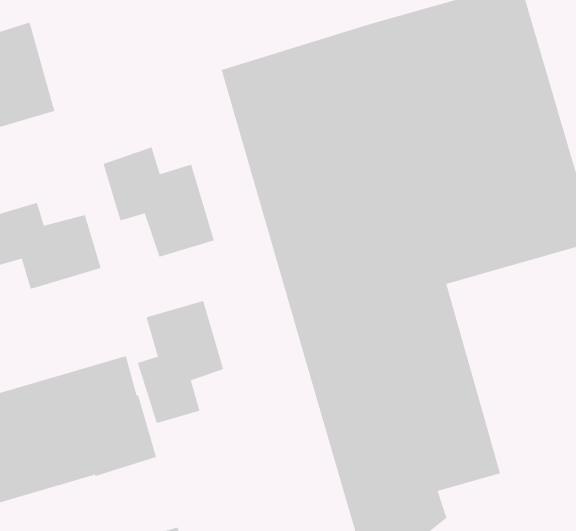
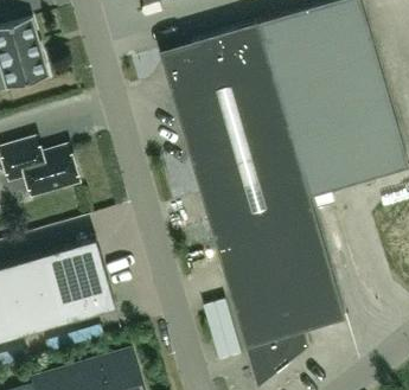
building: [103,147,215,258] -> none
building: [137,300,224,424] -> none

